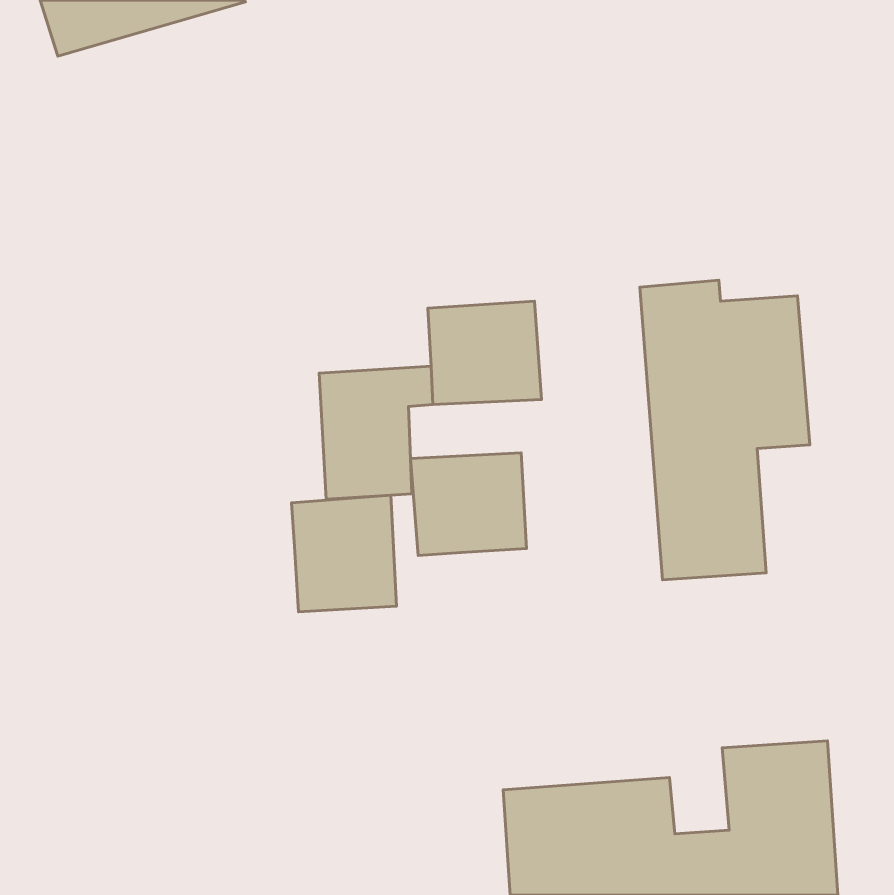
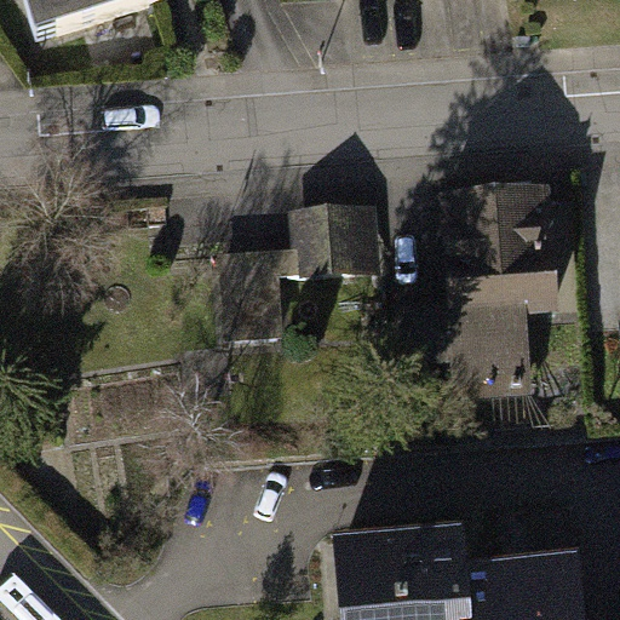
building: [411,453,526,556] -> none
building: [292,495,397,612] -> none

